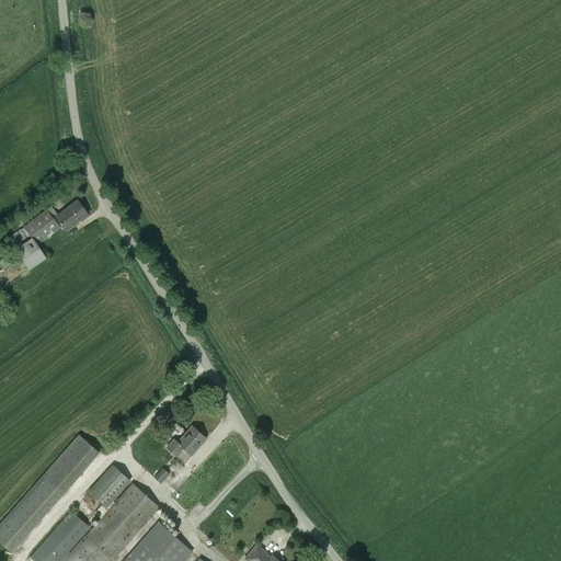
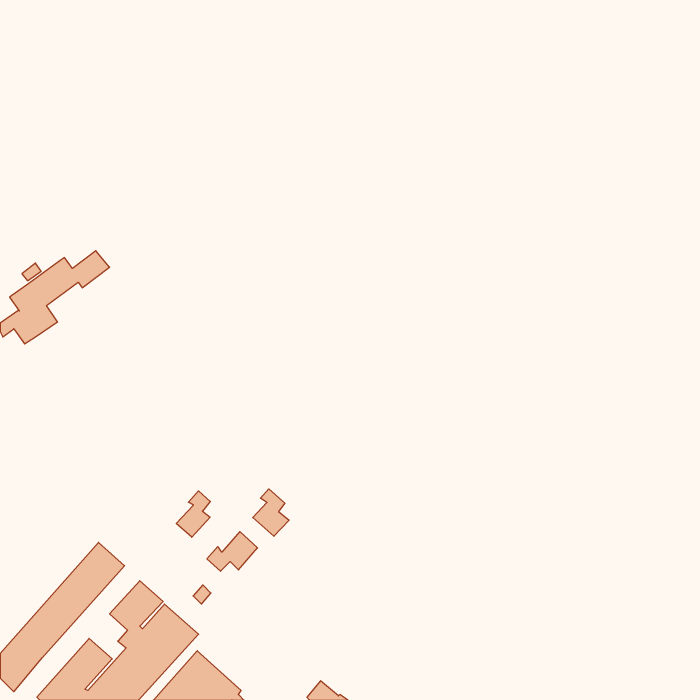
building: none -> [253,489,289,536]
building: none -> [176,491,210,537]

